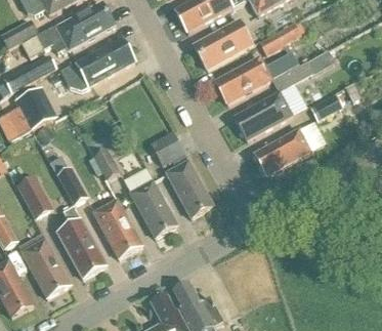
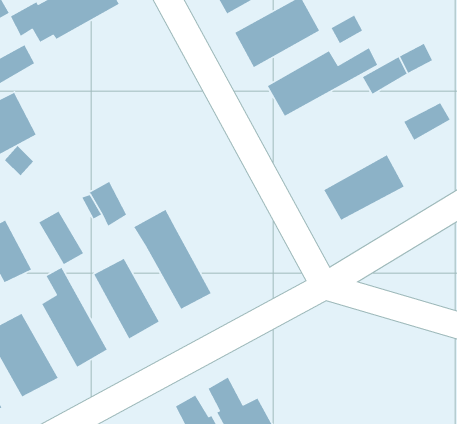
building: [61,39,134,90] -> none
building: [234,92,293,140] -> none
building: [152,132,213,217] -> none

